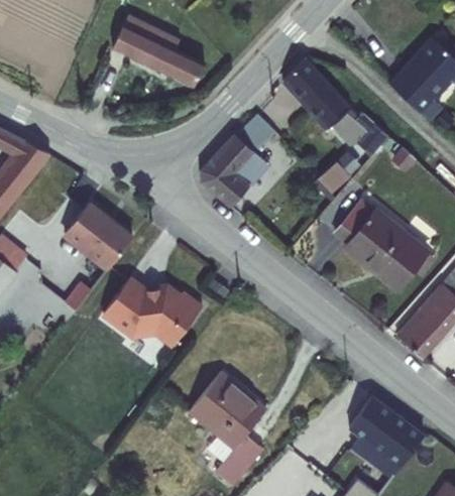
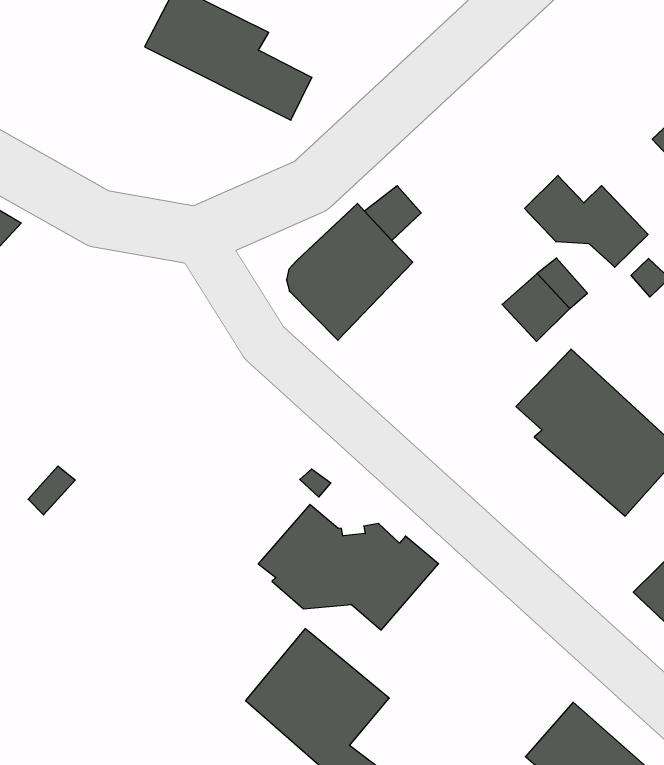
building: [278,59,348,131] -> none
building: [63,205,133,271] -> none
building: [102,278,201,345] -> [258,504,439,630]

